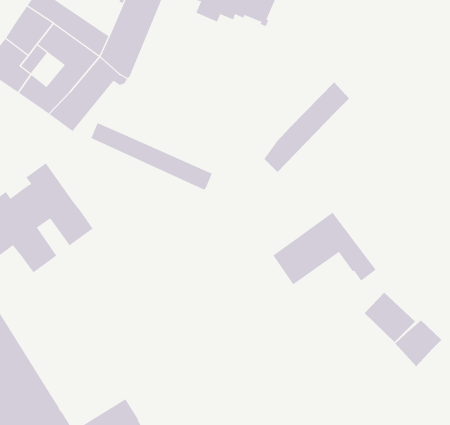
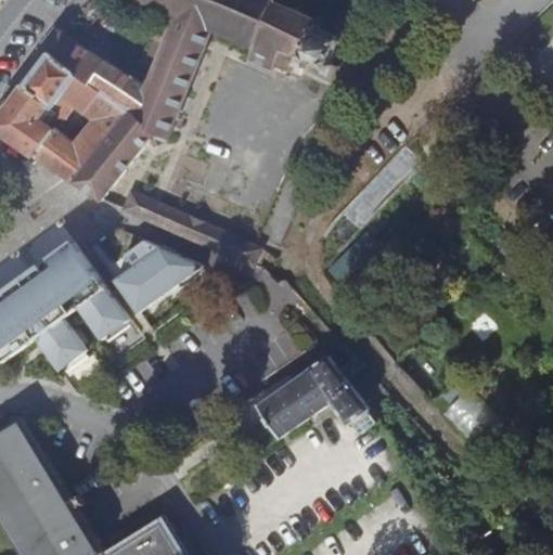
building: none -> [110,236,197,310]
building: [273,212,377,285] -> [253,352,374,438]
building: [394,320,442,367] -> none

